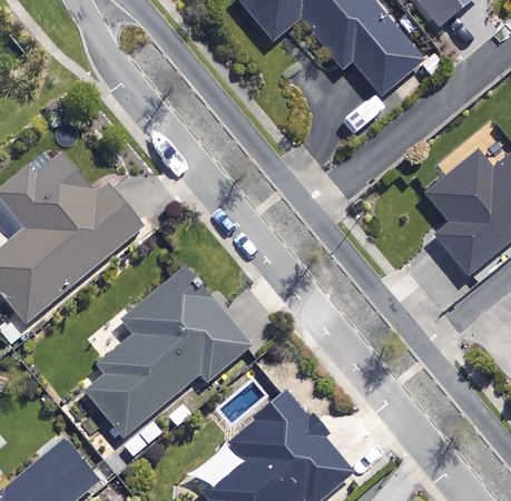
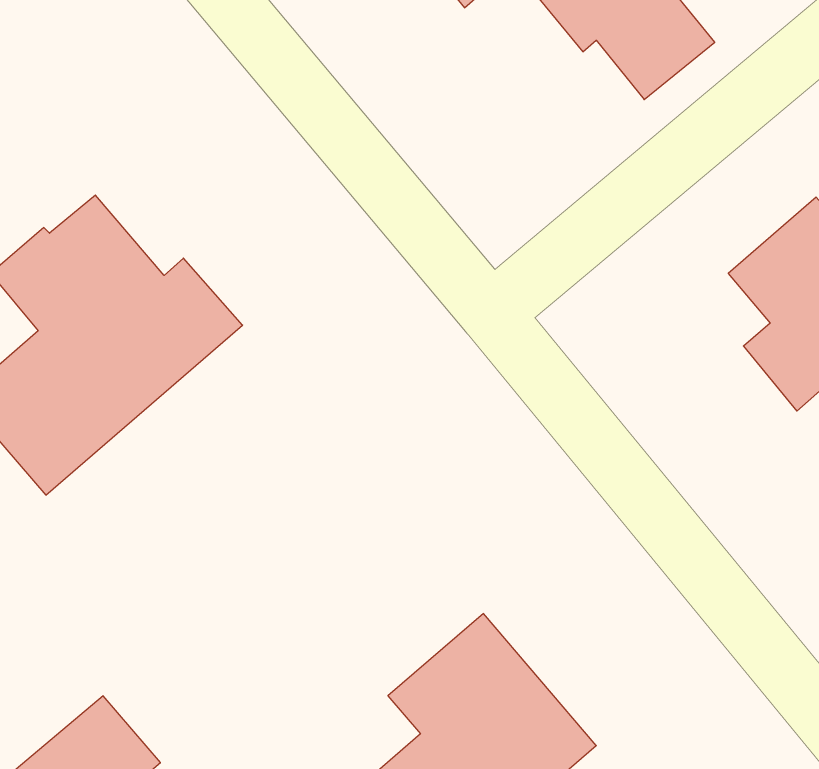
building: [87,266,248,434] -> none

